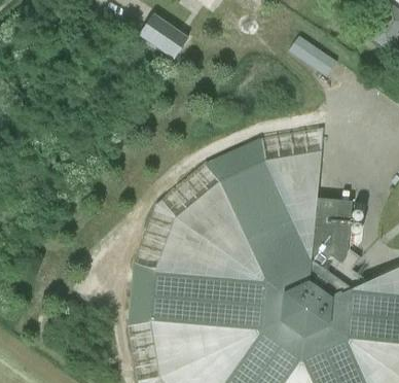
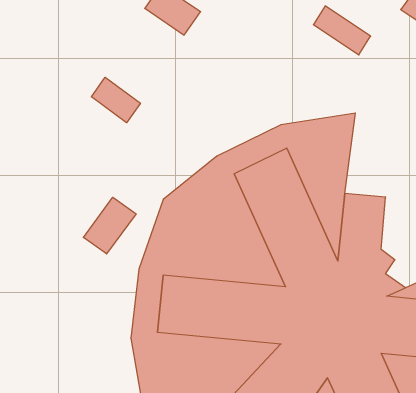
building: none -> [91,77,140,123]
building: none -> [83,197,136,254]

